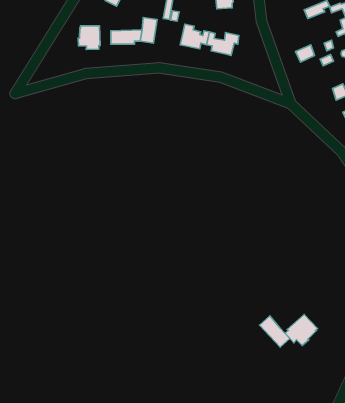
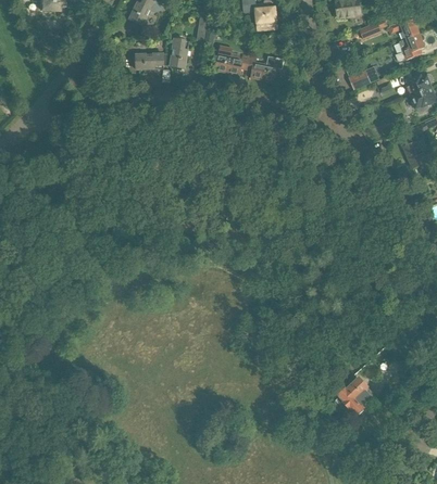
building: [78,26,100,50] -> none
building: [260,316,290,347] -> none

